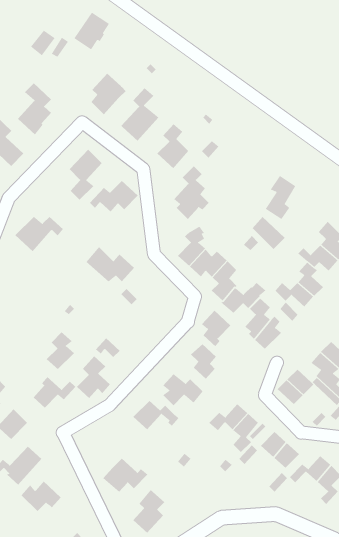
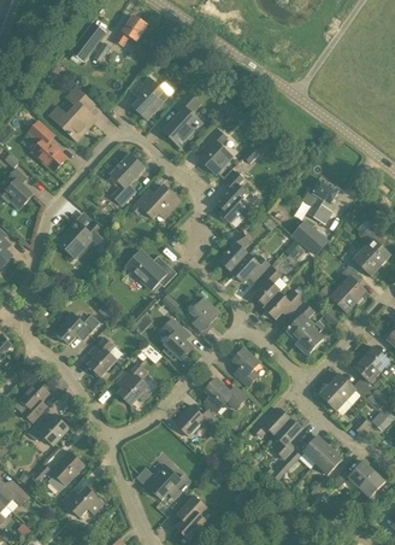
building: [201,310,231,347] -> [189,297,219,334]
building: none -> [161,317,191,359]
building: [33,376,76,408] -> [55,311,99,344]

